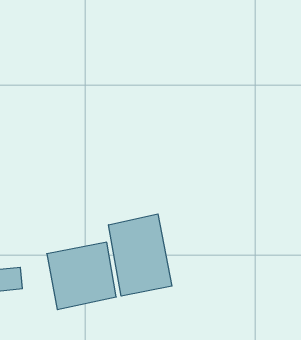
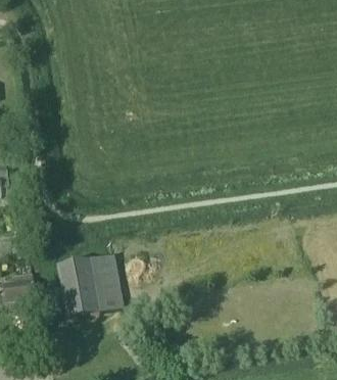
building: [109,214,172,296] -> none

